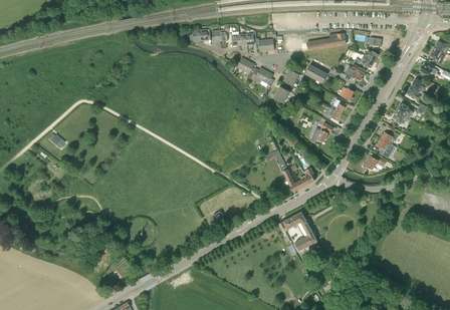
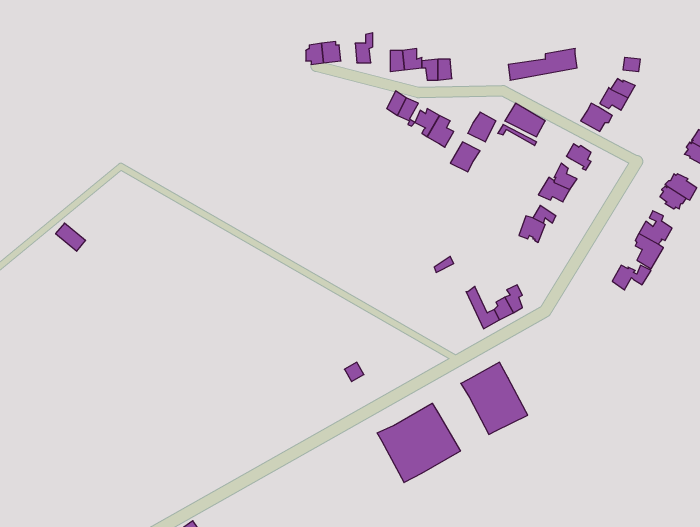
building: none -> [377,403,460,483]

